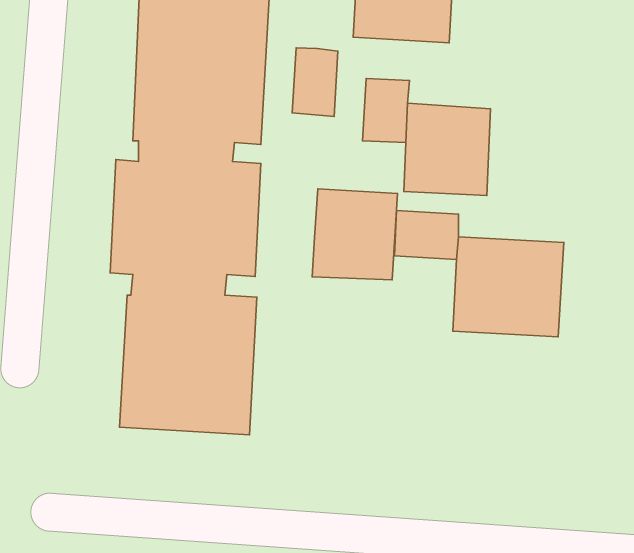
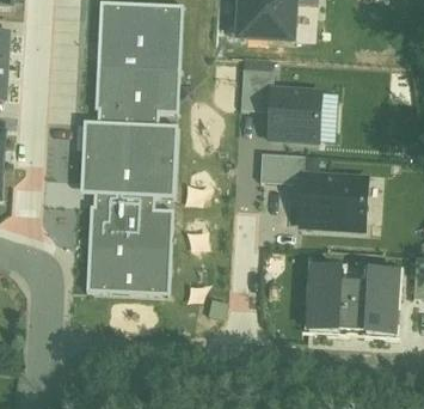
building: [292,48,338,116] -> none
building: [312,189,397,280] -> none
building: none -> [306,264,400,334]

